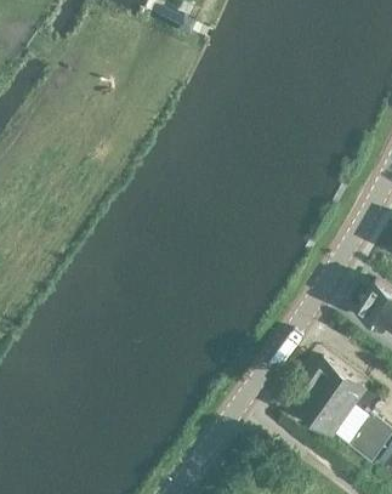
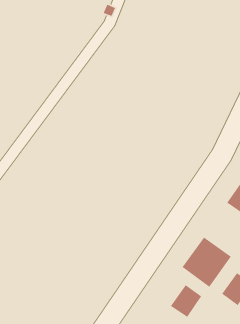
building: none -> [170,284,202,318]

